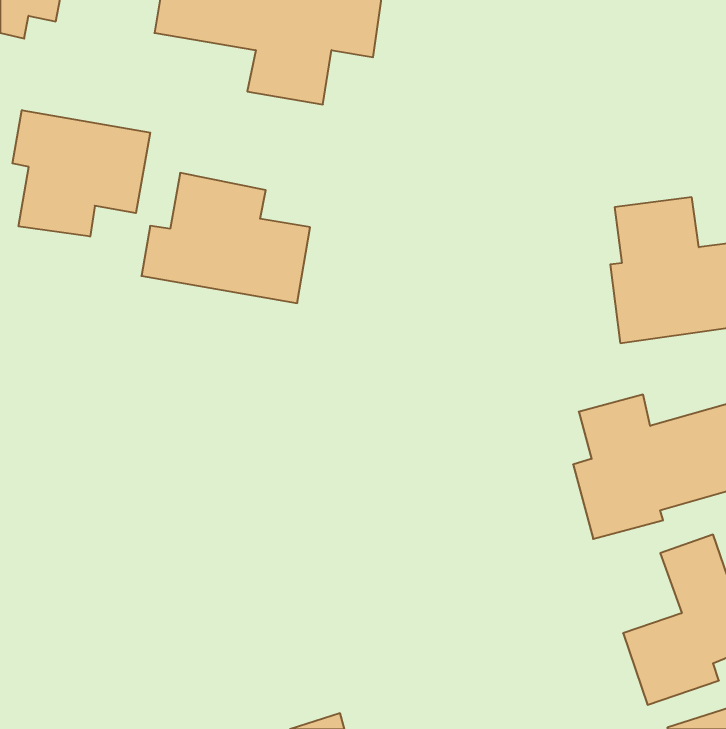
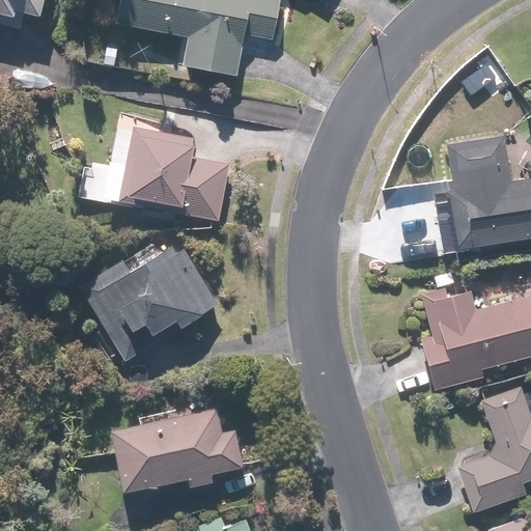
building: [12,110,150,237] -> none
building: none -> [78,243,218,363]
building: none -> [108,407,242,496]

